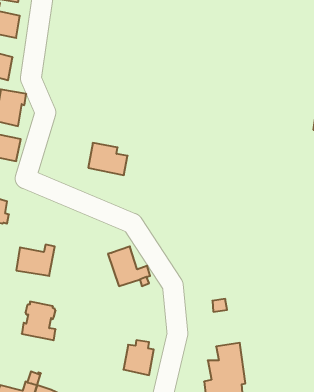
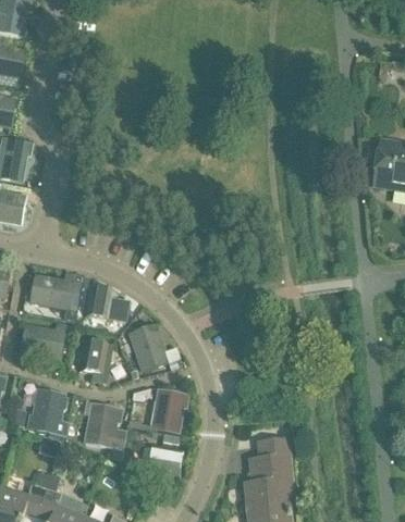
building: [88,143,128,175] -> [83,285,130,323]
building: none -> [29,272,76,309]
building: none -> [77,339,112,384]
building: none -> [149,389,188,434]
building: none -> [85,403,126,449]

